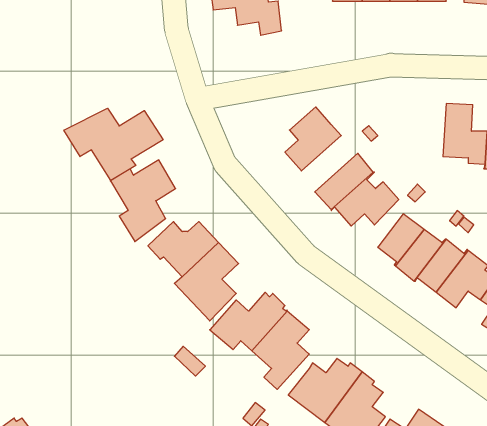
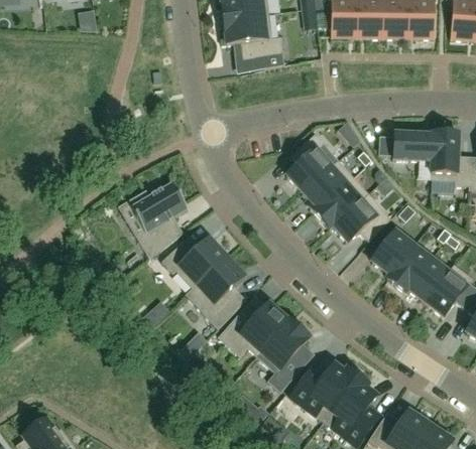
building: none -> [379,129,435,178]
building: [64,108,163,181] -> none
building: none -> [303,159,354,210]

